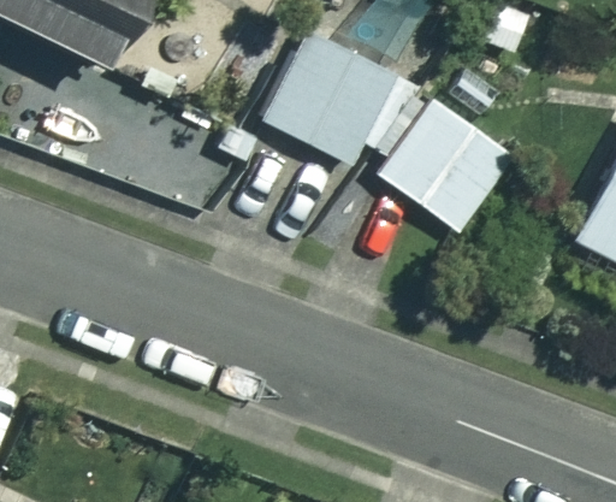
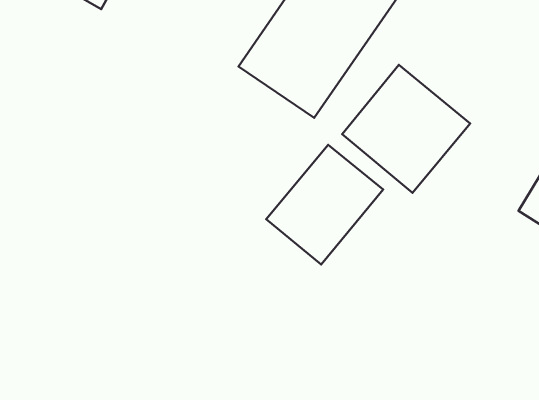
building: none -> [266,145,383,265]

